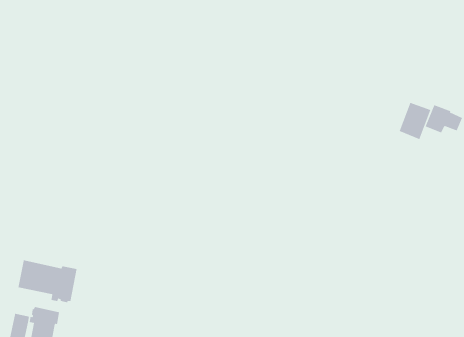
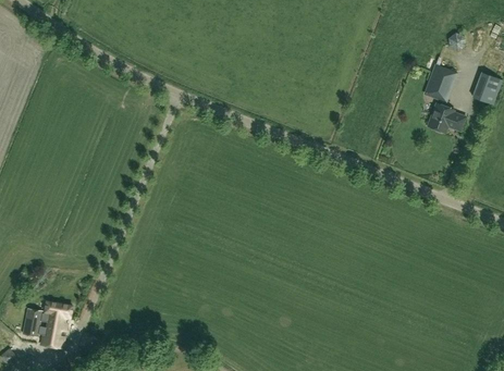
building: [399,102,431,140] -> [425,65,456,102]
building: [18,260,77,304] -> none

